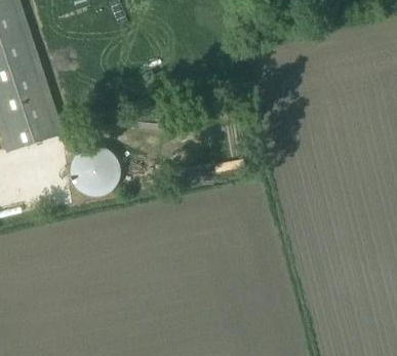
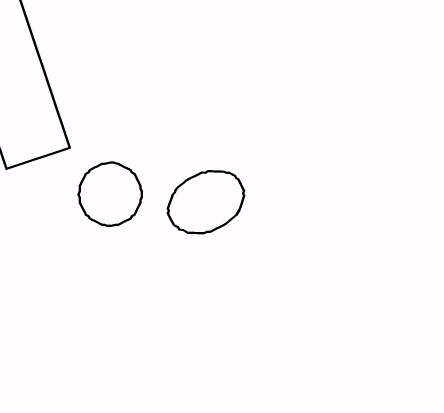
building: none -> [168,171,244,233]

